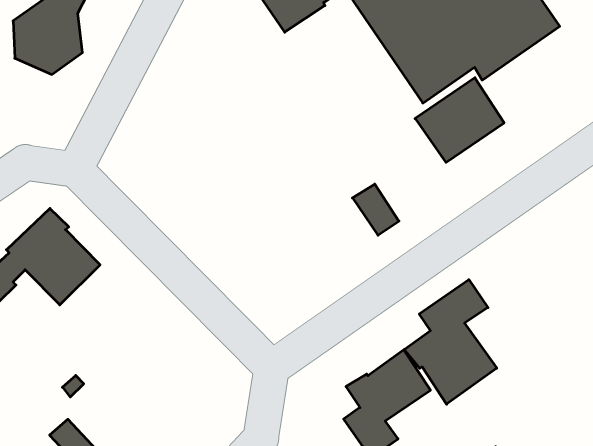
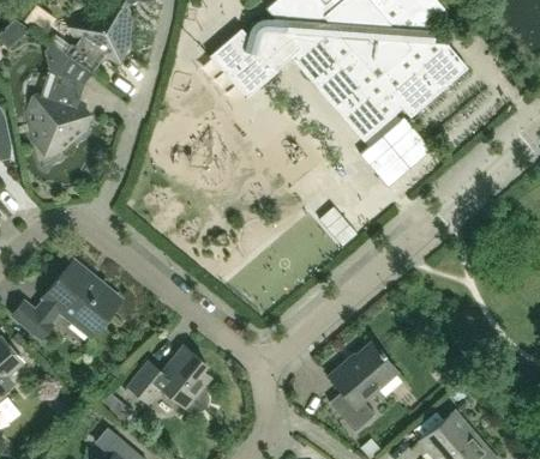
building: [404,280,497,404] -> none
building: none -> [128,345,212,412]

